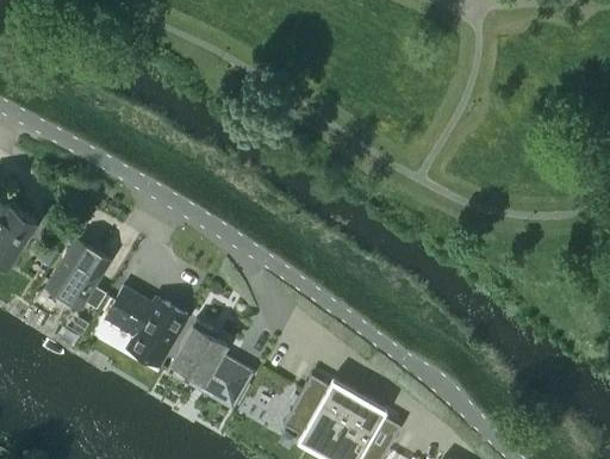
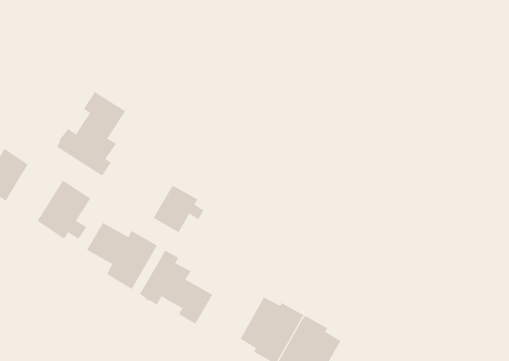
building: none -> [56,91,126,177]
building: none -> [153,185,204,233]

